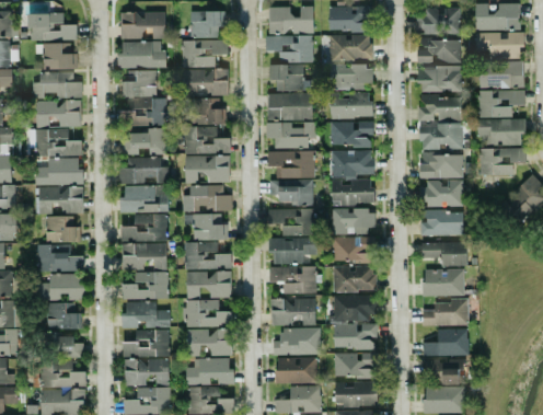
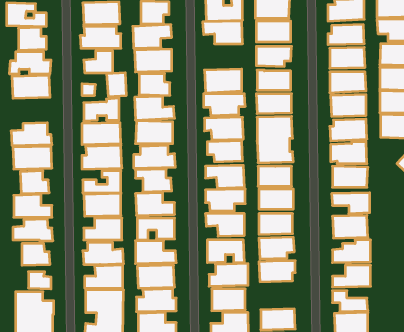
building: [274,65,305,91] -> none
building: [31,129,82,157] -> none
building: [334,353,376,378] -> none

